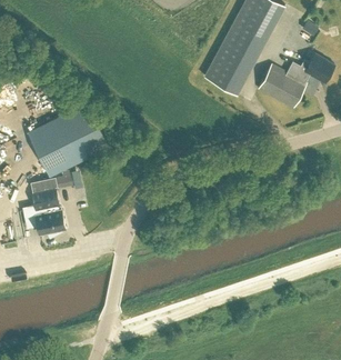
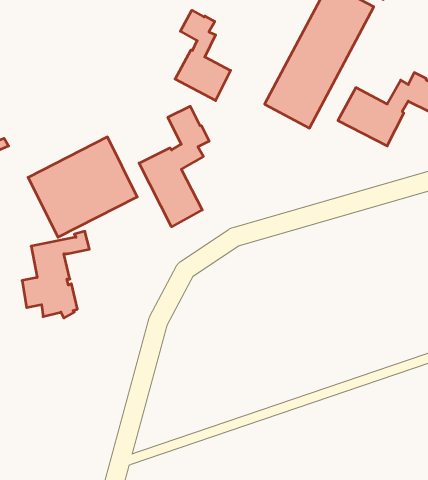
building: none -> [175,10,231,101]
building: none -> [139,106,209,227]

